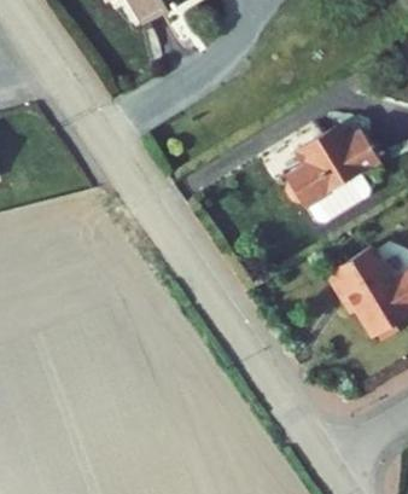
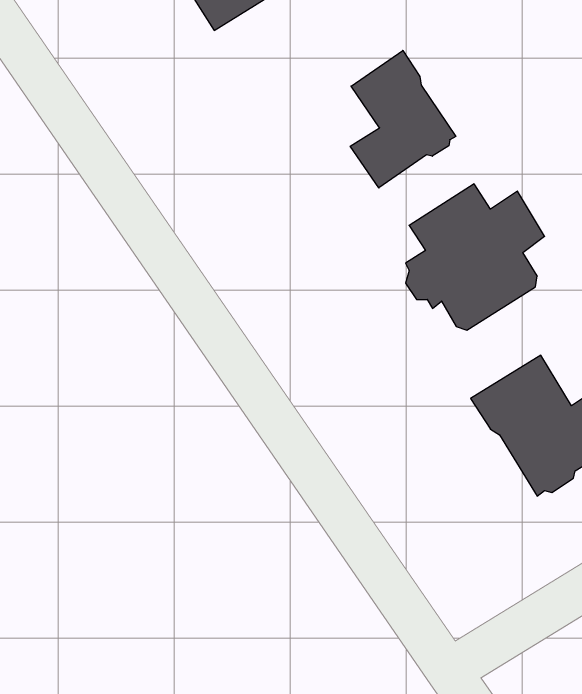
building: none -> [350,50,456,188]

